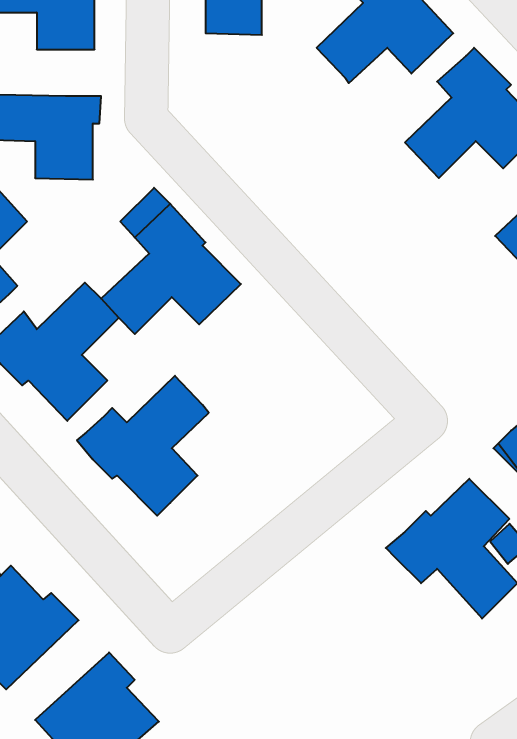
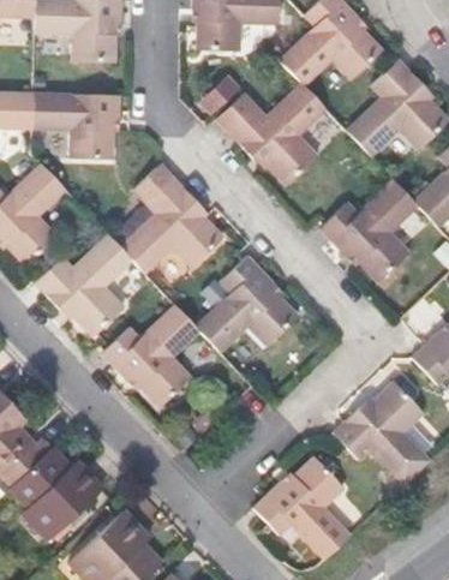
building: none -> [215,82,325,185]
building: none -> [319,179,418,281]
building: none -> [194,256,299,352]
building: none -> [255,456,352,558]

